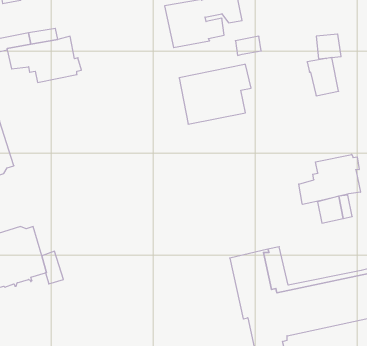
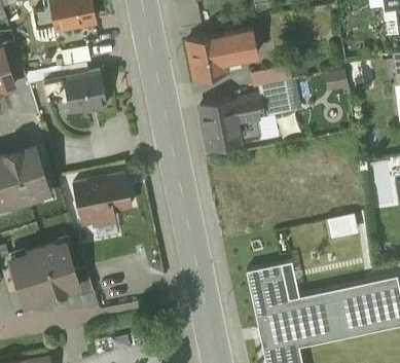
building: [307,57,339,96] -> [257,83,286,118]
building: none -> [72,175,132,225]
building: [299,154,360,204] -> none

